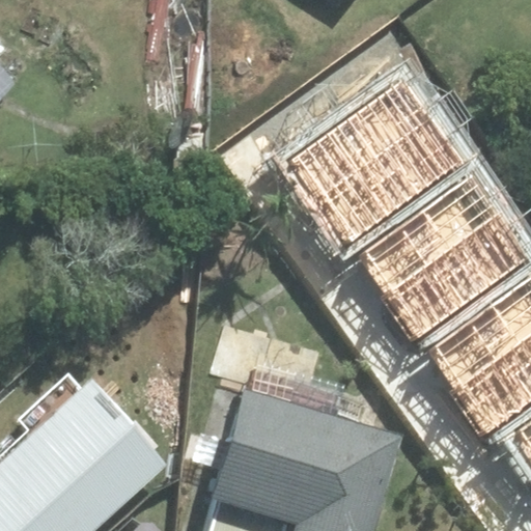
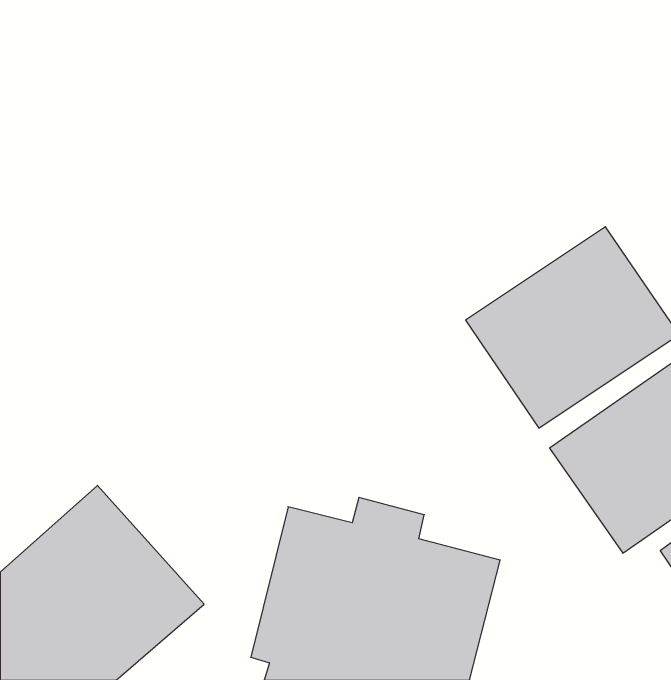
building: [297,77,469,240] -> none

